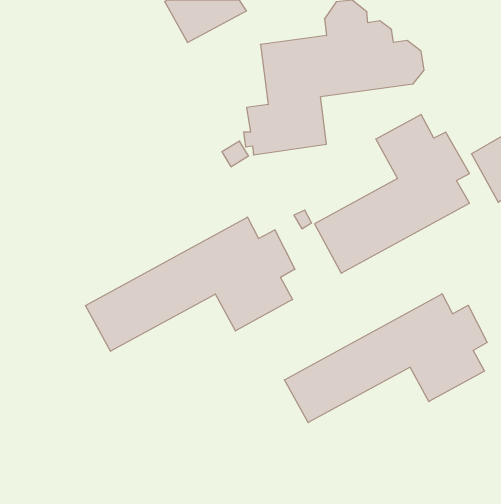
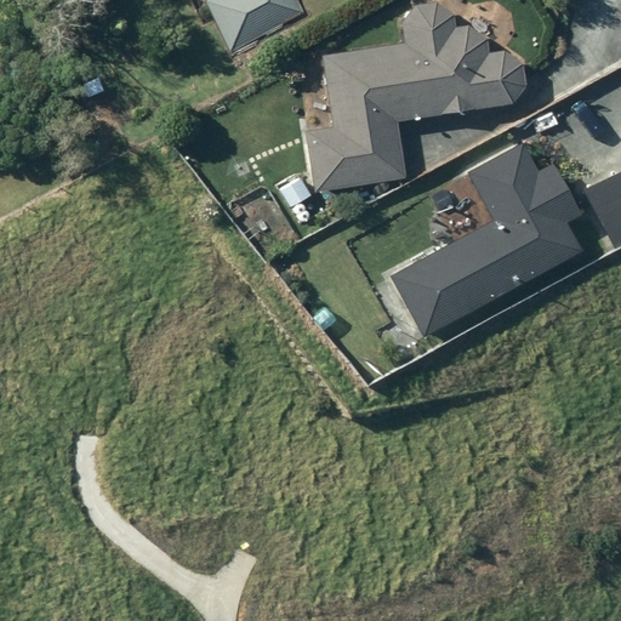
building: [85,217,295,351] -> none
building: [284,294,487,423] -> none

